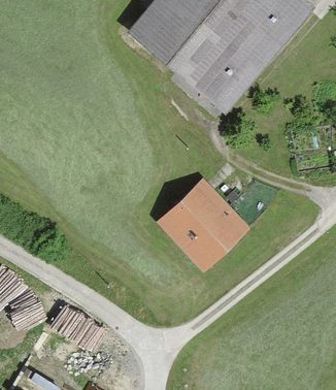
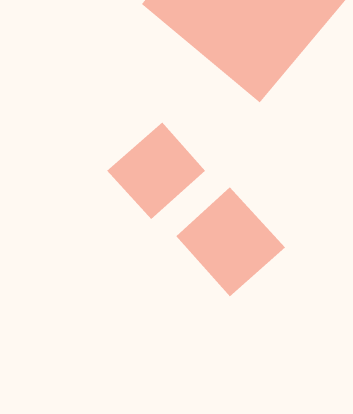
building: none -> [106,121,206,220]

